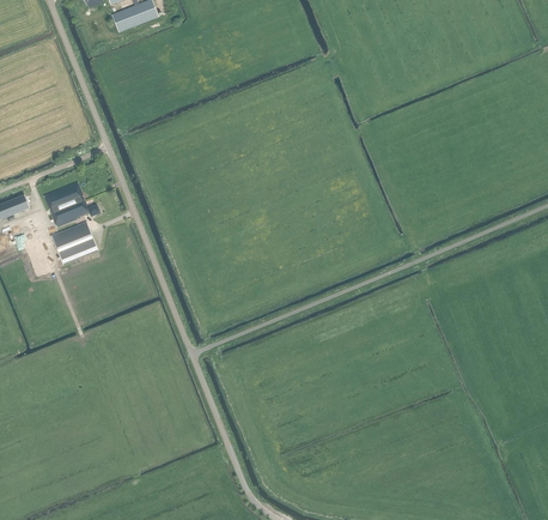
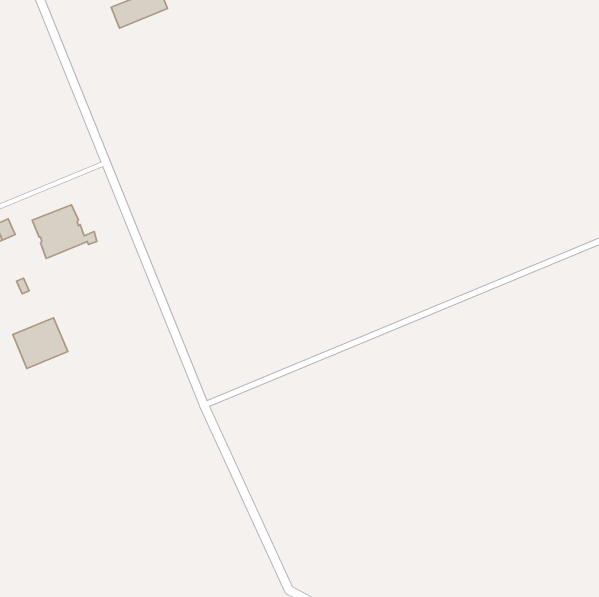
building: [51,223,98,266] -> [13,318,68,369]

